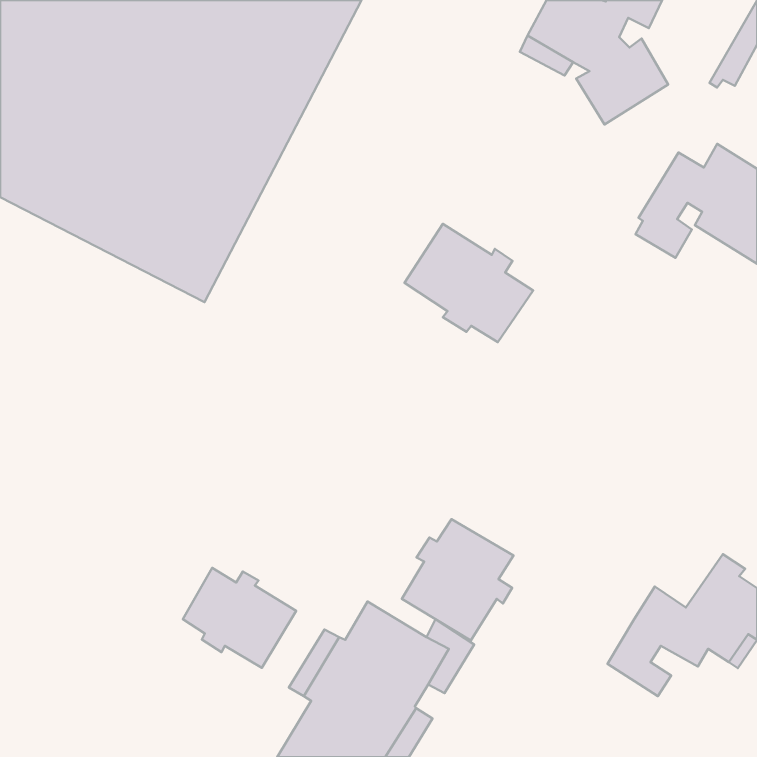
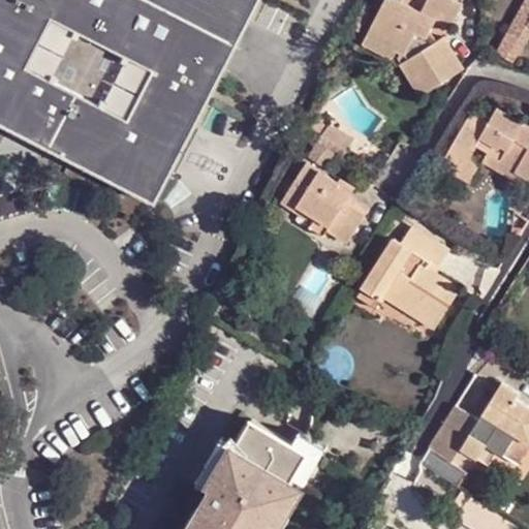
building: none -> [362,221,465,324]
building: [402,519,514,641] -> none
building: [183,568,296,668] -> none

